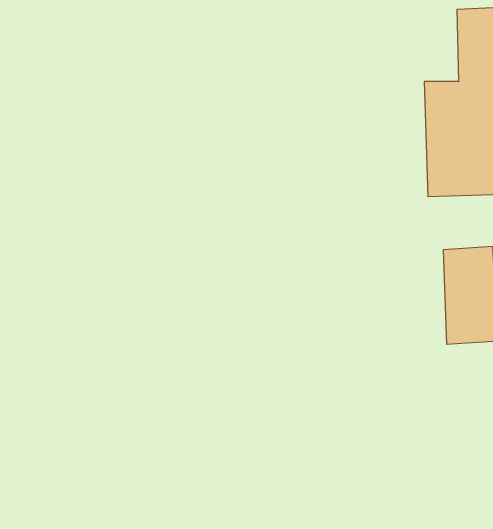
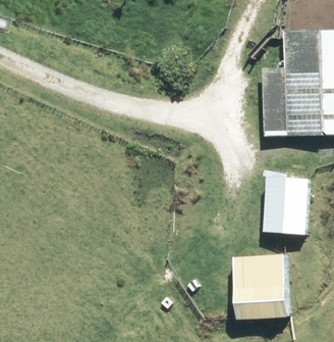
building: none -> [237,254,290,320]

